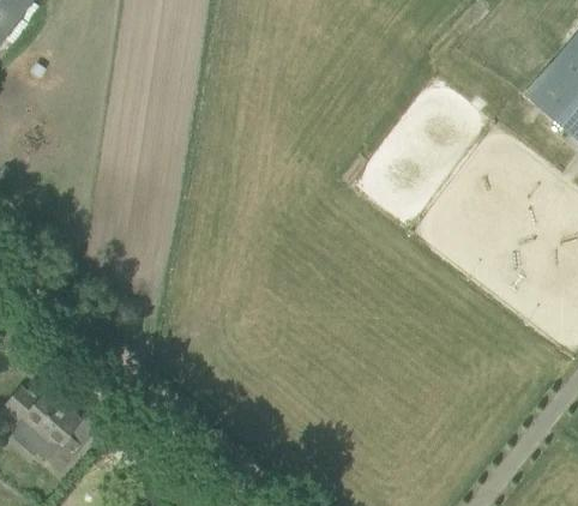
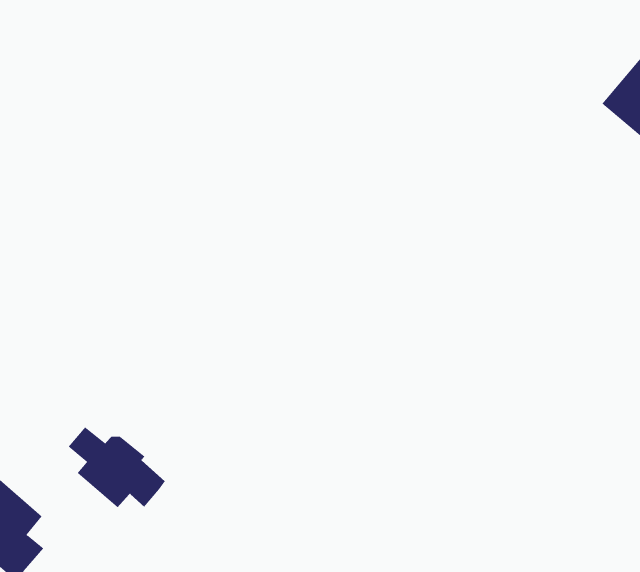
building: none -> [68,426,166,508]

